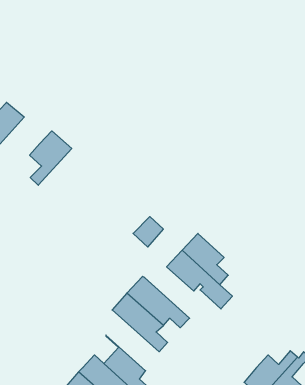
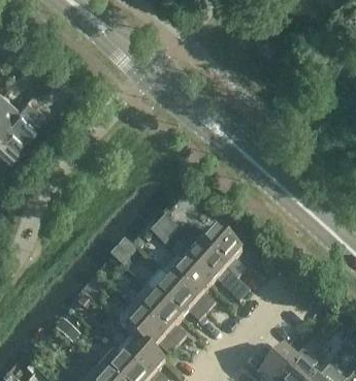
building: [30,131,72,185] -> none
building: none -> [162,258,215,315]
building: none -> [124,315,176,367]

